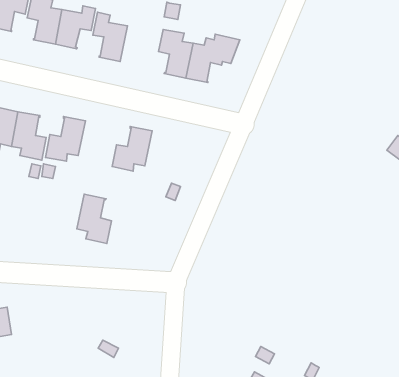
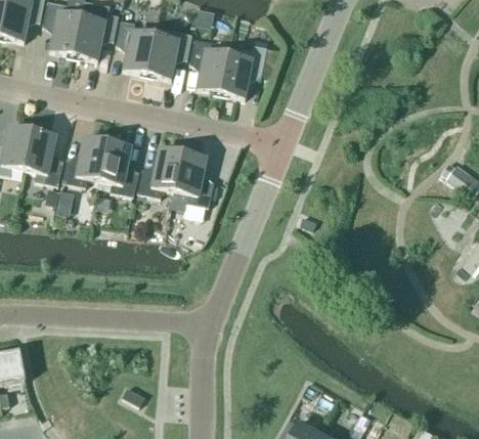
building: none -> [146,31,192,78]
building: none -> [174,151,213,207]
building: [77,194,111,244] -> [99,140,138,195]

